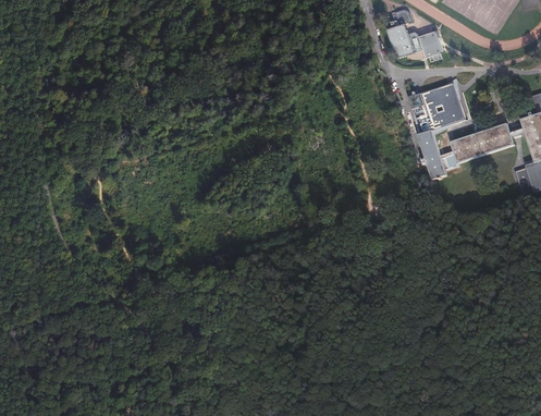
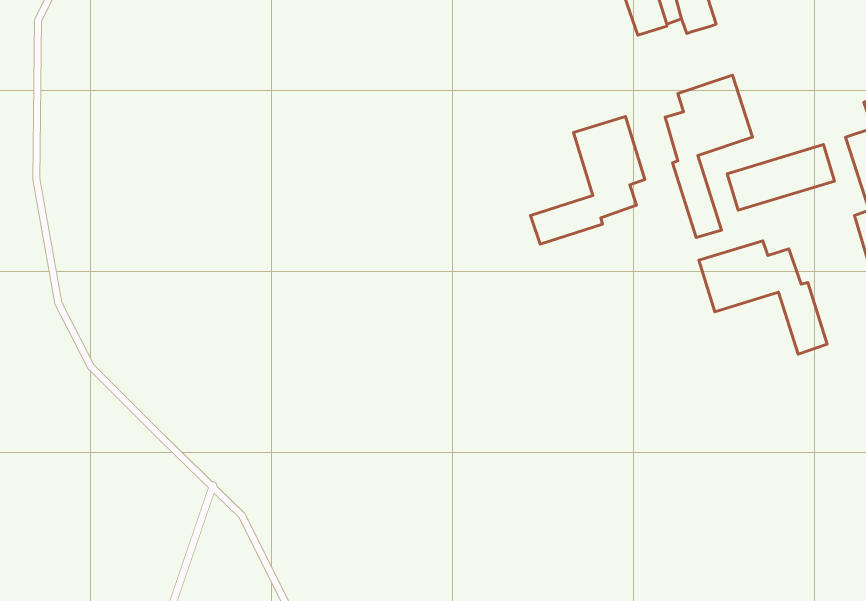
building: none -> [530,117,645,244]
building: none -> [699,241,827,354]

